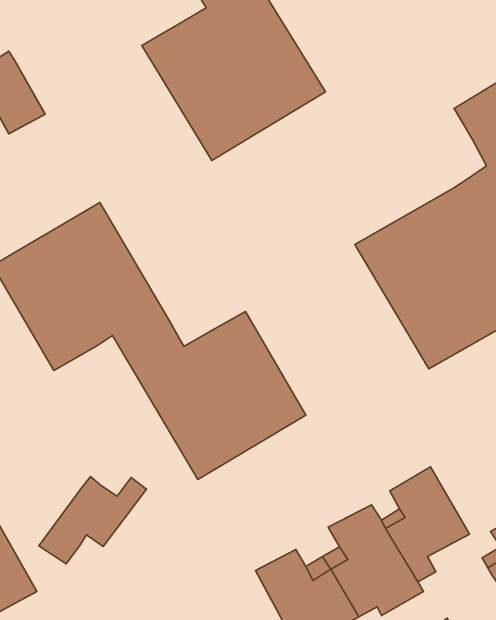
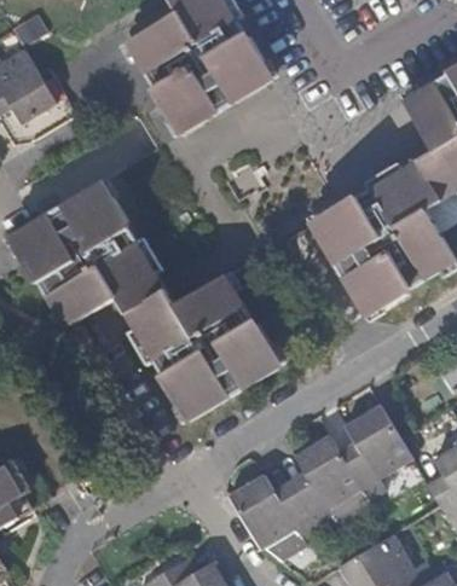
building: [39,476,146,564] -> none

